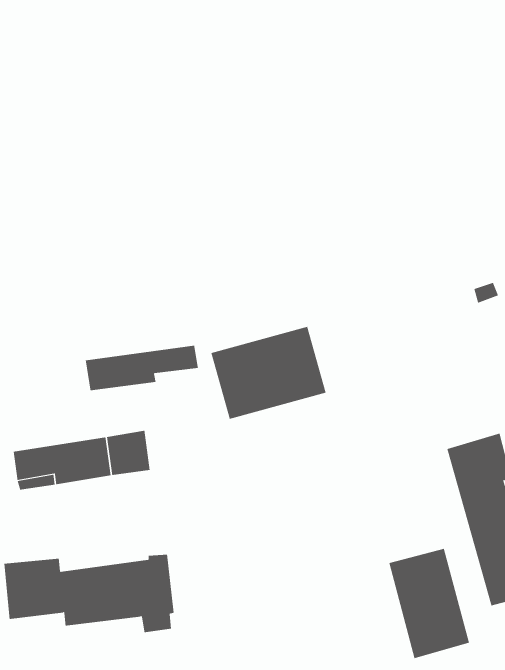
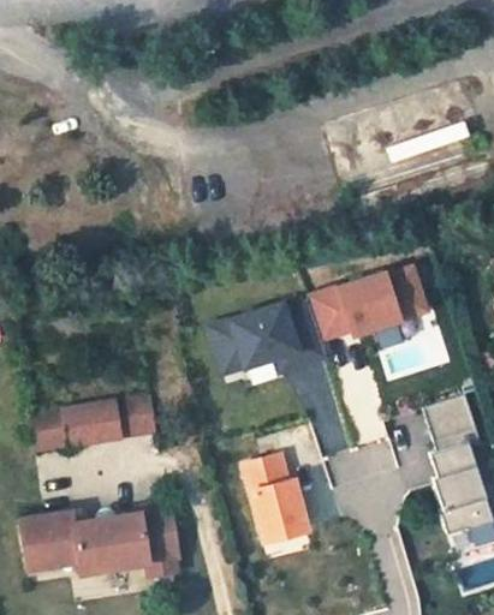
building: none -> [308,262,430,347]
building: [85,345,199,391] -> none
building: [388,548,470,659] -> [238,450,311,550]

